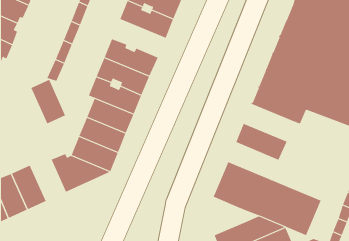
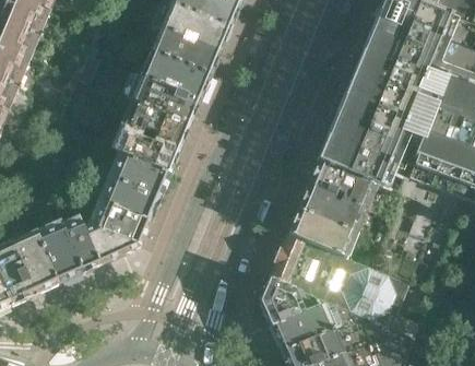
building: none -> [143,50,212,98]
building: [30,79,66,124] -> [40,223,85,280]
building: none -> [309,157,375,204]
building: none -> [289,205,354,252]
building: none -> [261,274,313,322]

